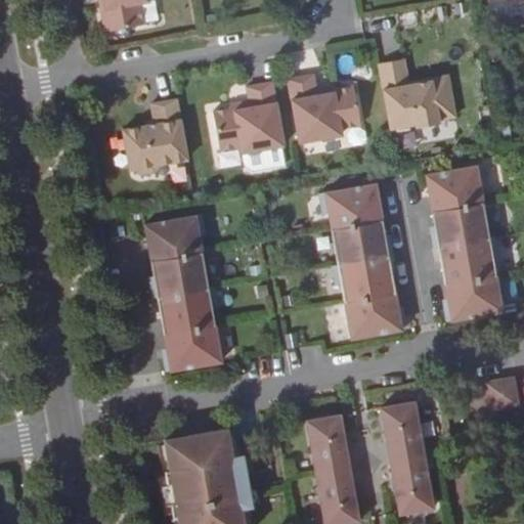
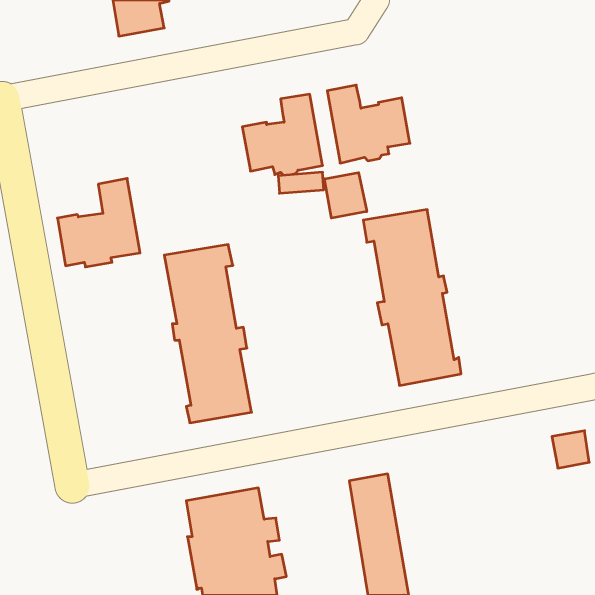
building: [378,59,455,129] -> none
building: [116,99,188,177] -> [57,178,140,267]
building: none -> [324,173,367,218]
building: [426,165,501,321] -> none
building: [381,403,434,516] -> none

